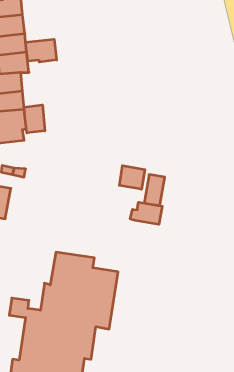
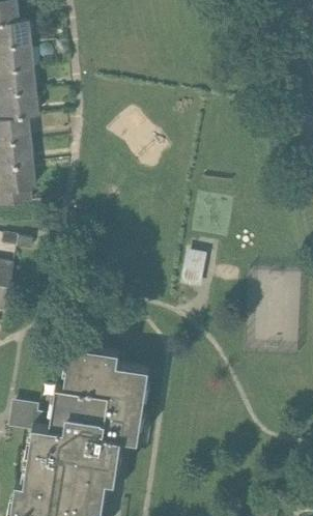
building: [26,39,57,62] -> none
building: [24,105,45,133] -> none
building: [119,166,145,189] -> none
building: [130,202,162,224] -> none

